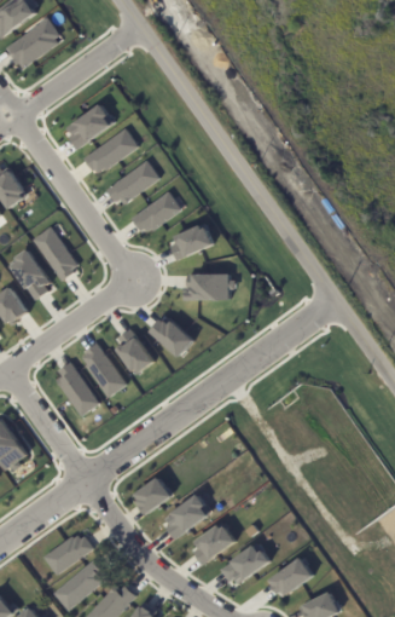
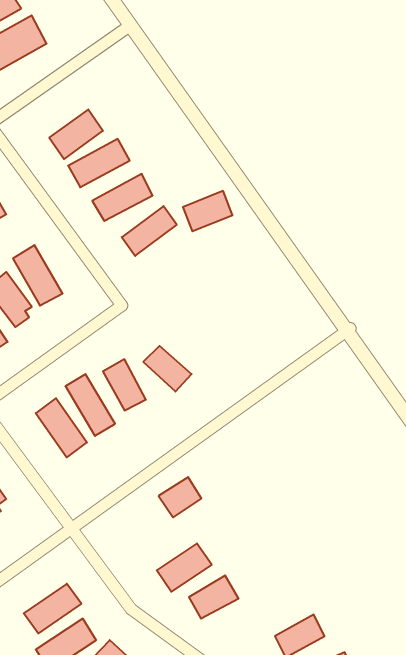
building: [168,223,213,259] -> [183,191,233,231]
building: [186,272,232,300] -> none
building: [133,477,172,513] -> [159,477,201,517]
building: [219,543,269,584] -> none

